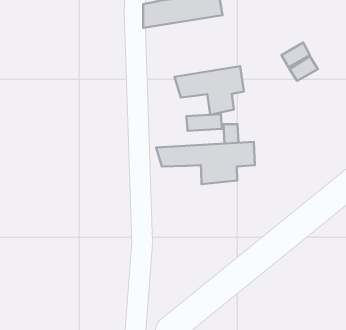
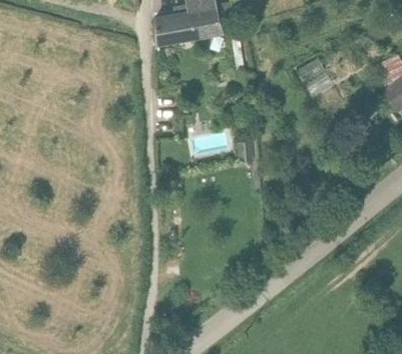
building: [174,66,244,115] -> none
building: [156,142,255,184] -> none

